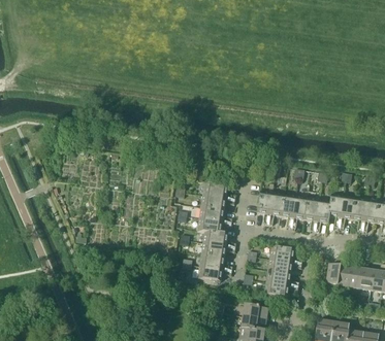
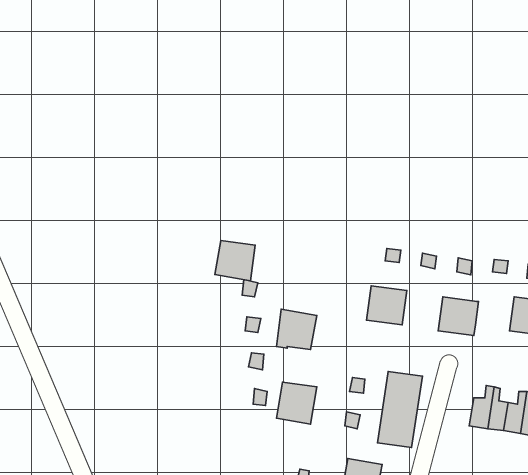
building: [200,183,227,210] -> [215,240,255,281]
building: [281,194,308,220] -> none
building: [329,194,355,220] -> none
building: [201,231,227,258] -> none

